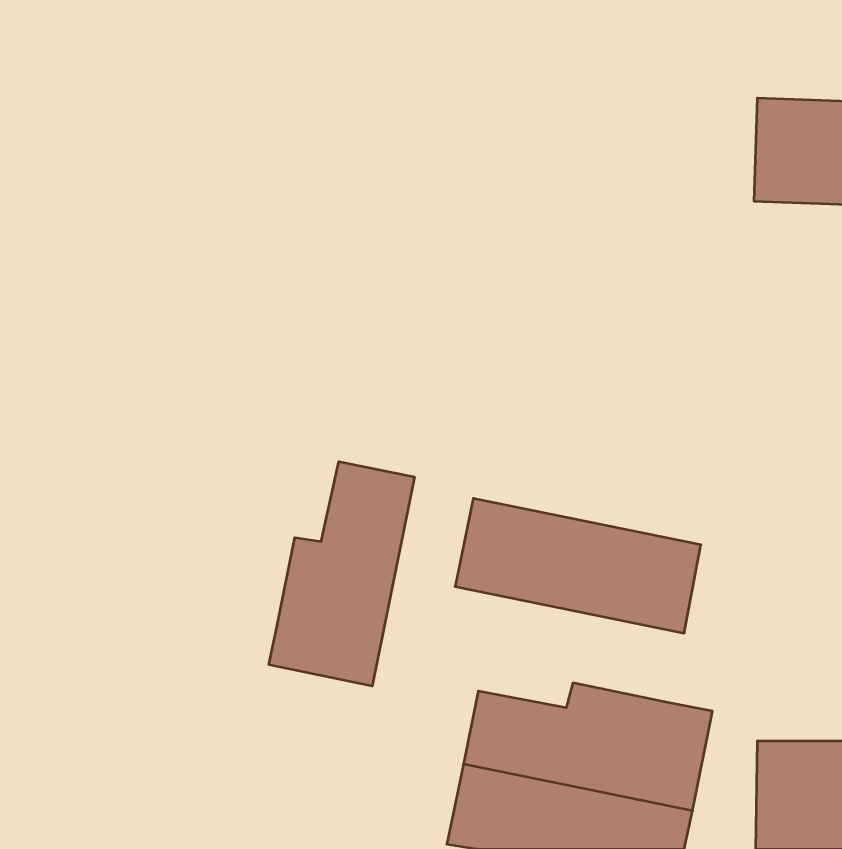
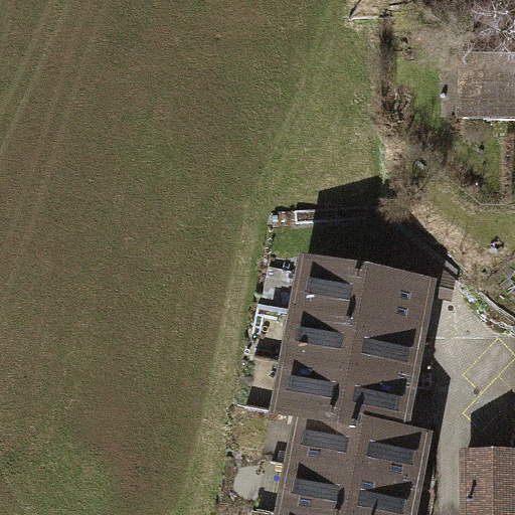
building: none -> [291,251,440,330]
building: [269,462,414,686] -> none
building: none -> [268,355,418,428]

